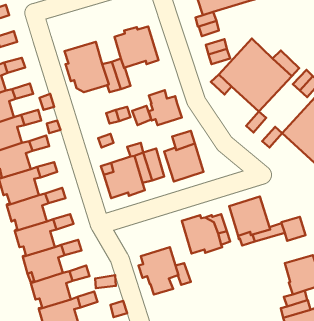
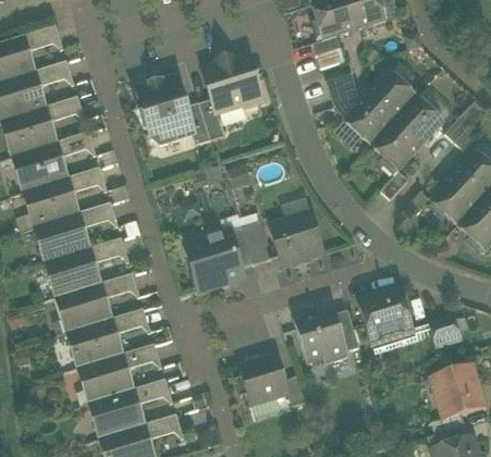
building: [149,90,182,125] -> none

